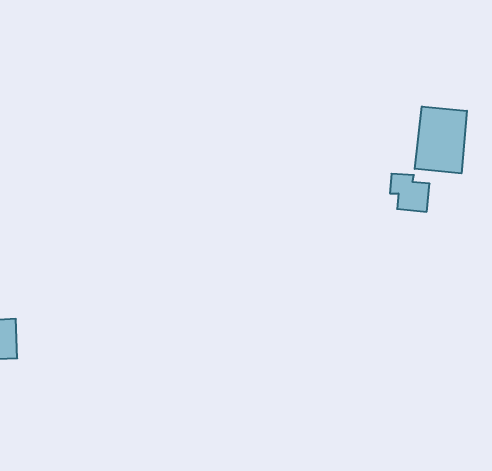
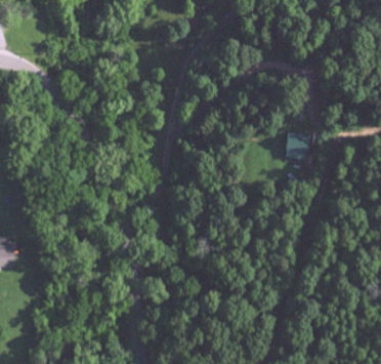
building: [415,106,467,173] -> none

